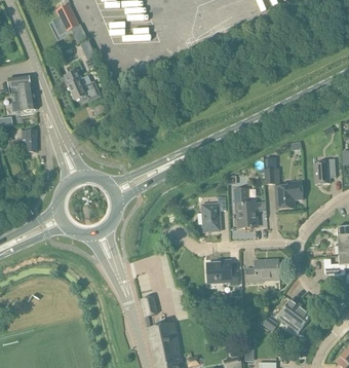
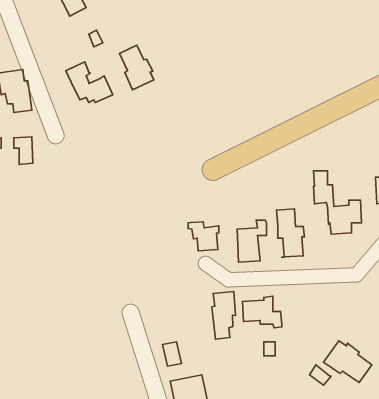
building: none -> [119,45,154,90]
building: none -> [188,222,219,251]
building: none -> [212,291,236,339]
building: [246,260,279,282] -> none

